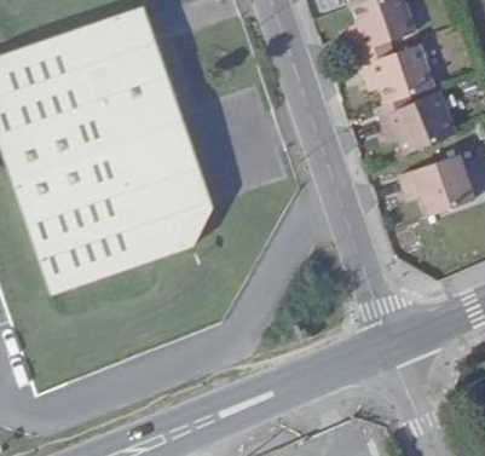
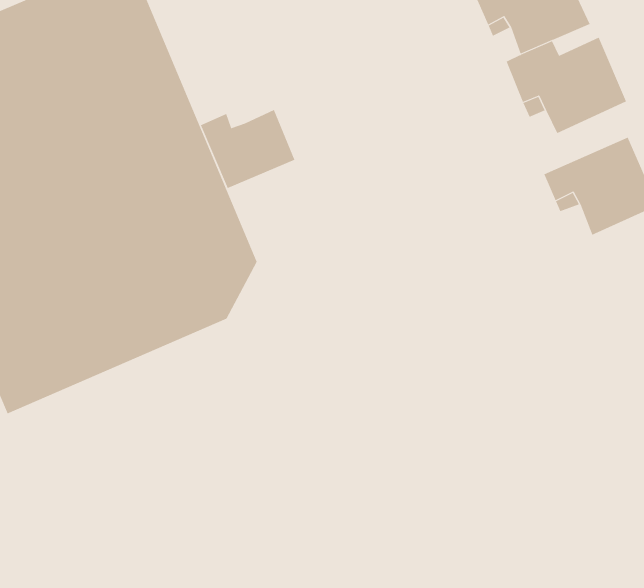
building: none -> [200,109,295,189]

